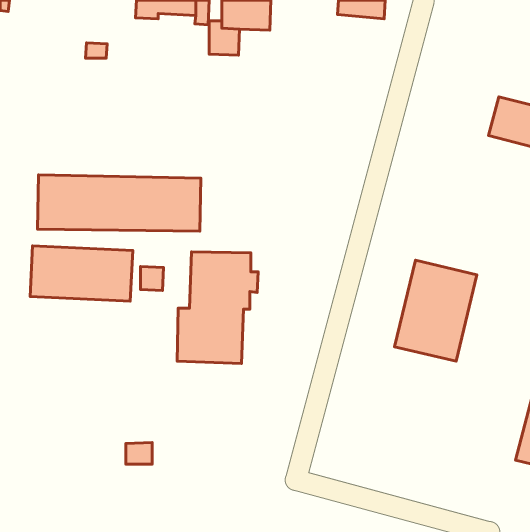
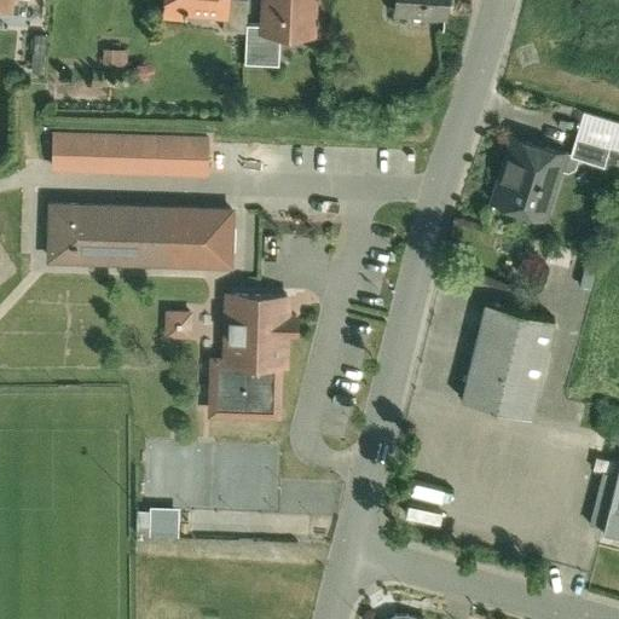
building: none -> [53,132,210,175]
building: none -> [487,133,568,219]
building: [30,246,133,301] -> none

